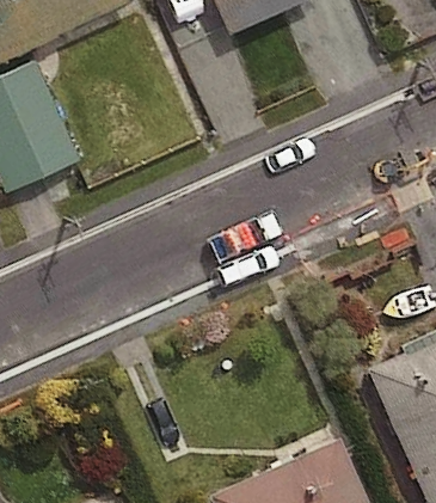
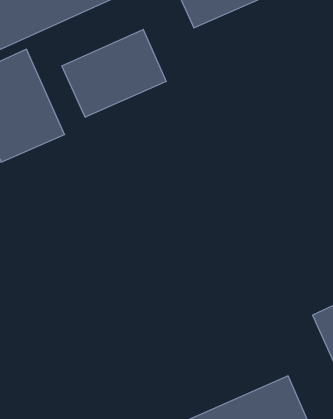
building: none -> [62,29,166,117]

